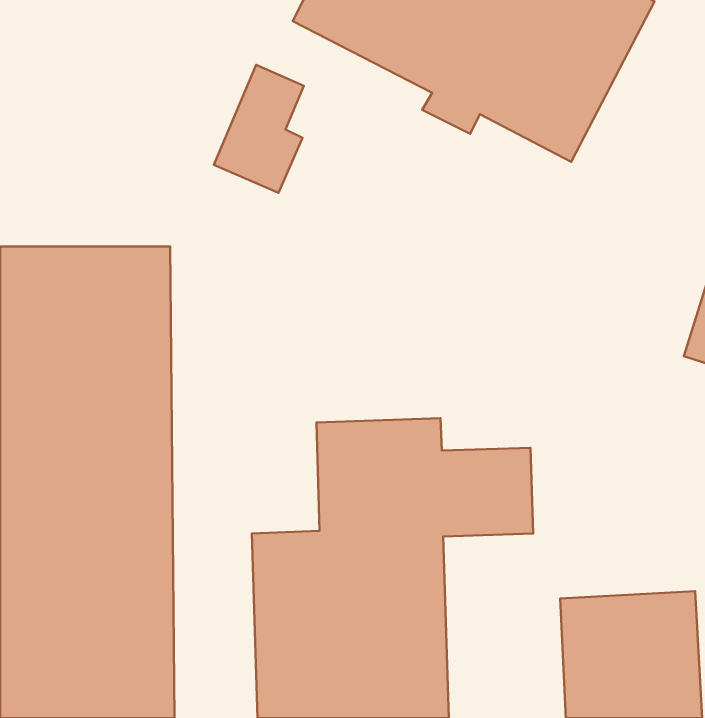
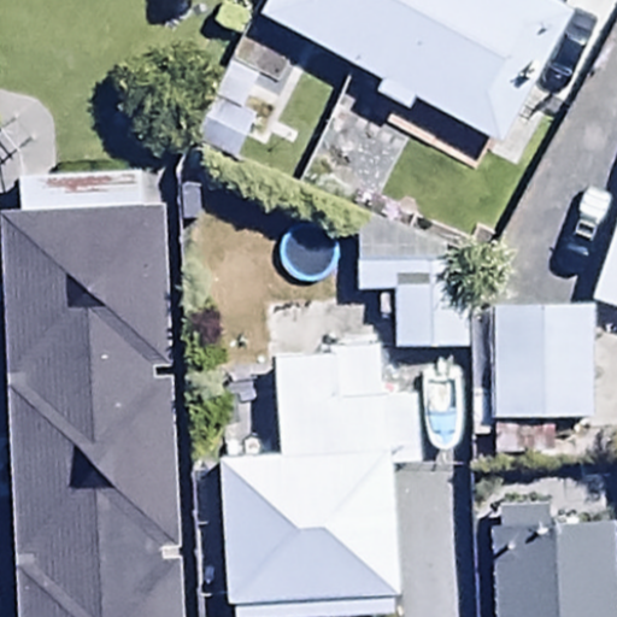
building: none -> [359,215,478,352]
building: none -> [495,307,593,417]

